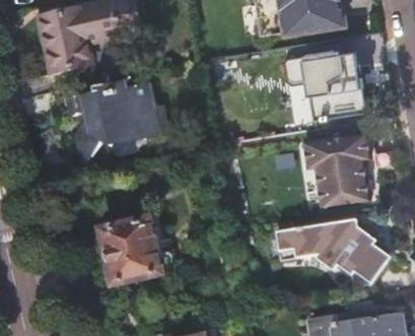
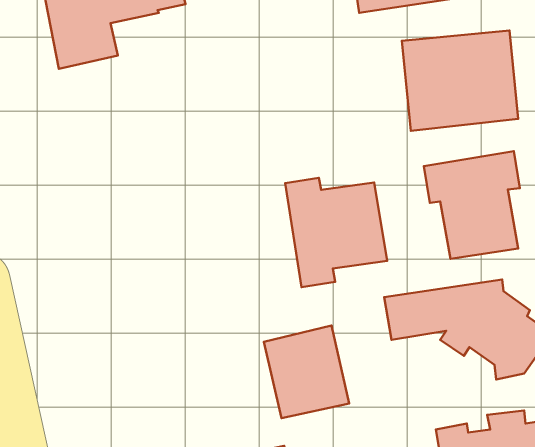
building: [67,82,166,156] -> none
building: none -> [285,178,387,287]
building: [101,220,160,284] -> [264,326,349,418]

